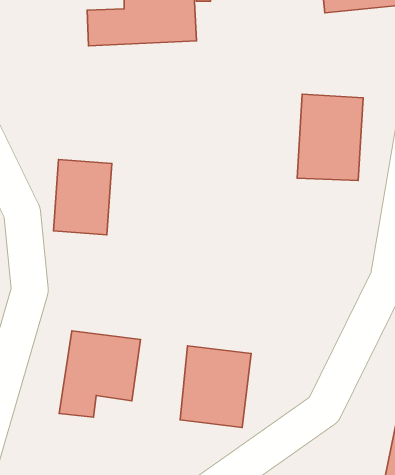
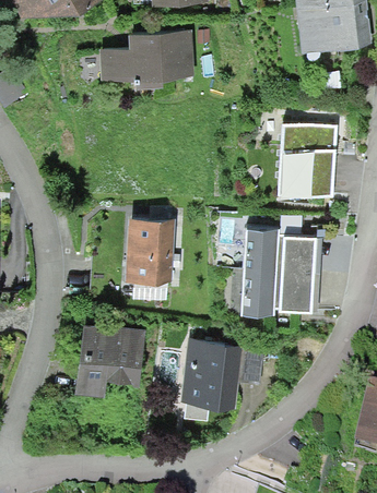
building: [53,160,112,235] -> [126,217,176,281]
building: none -> [240,225,281,313]
building: none -> [284,232,317,309]

